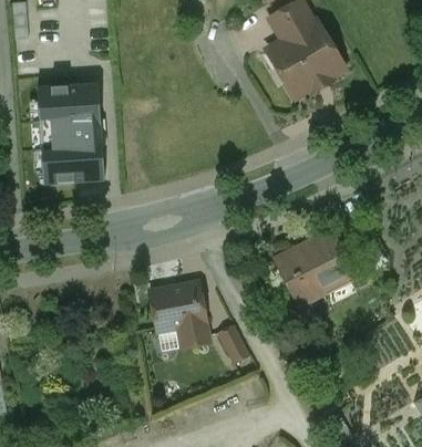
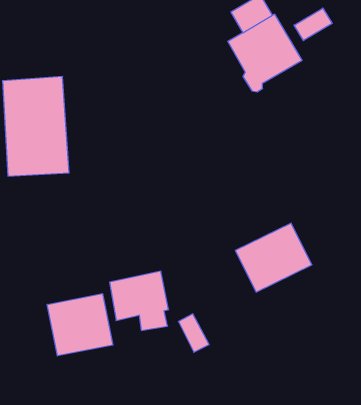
building: none -> [294,8,332,41]
building: none -> [47,294,113,356]

